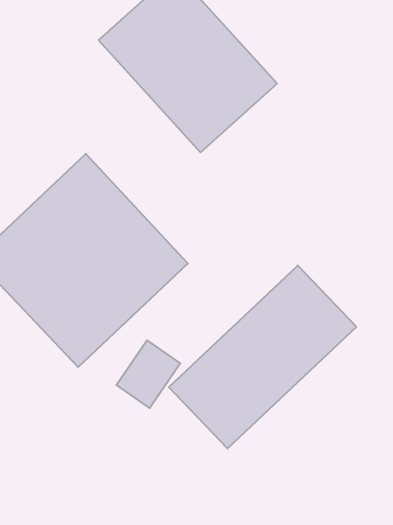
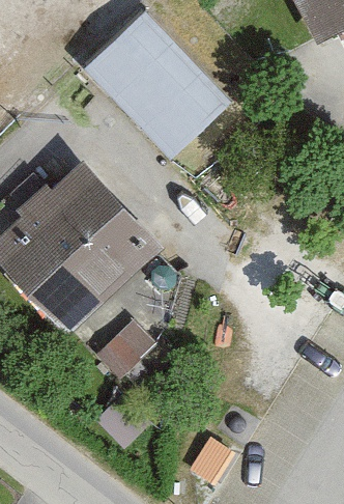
building: [169,265,356,449] -> none

